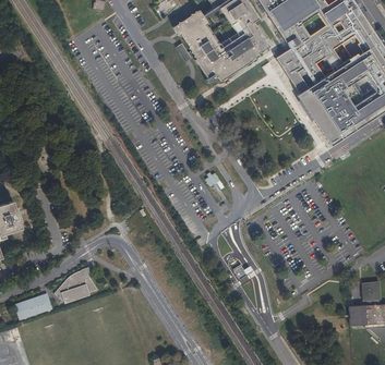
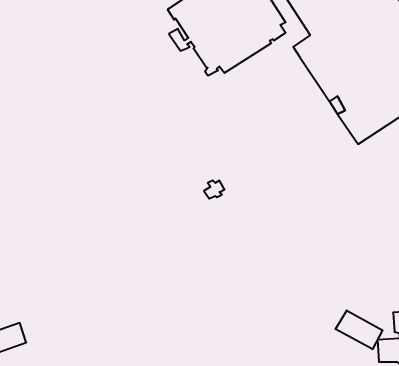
building: [53,269,97,303] -> none
building: none -> [335,310,383,349]

